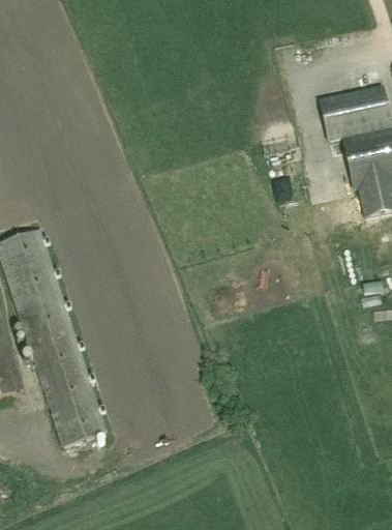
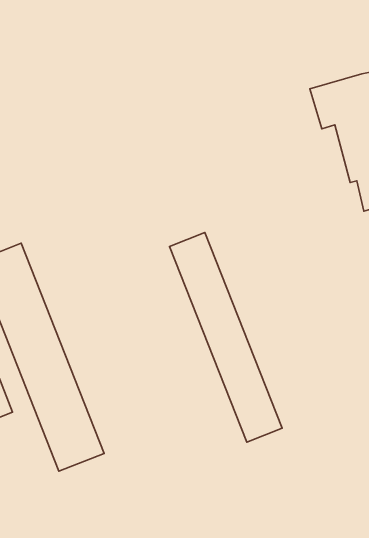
building: none -> [170,232,282,442]

